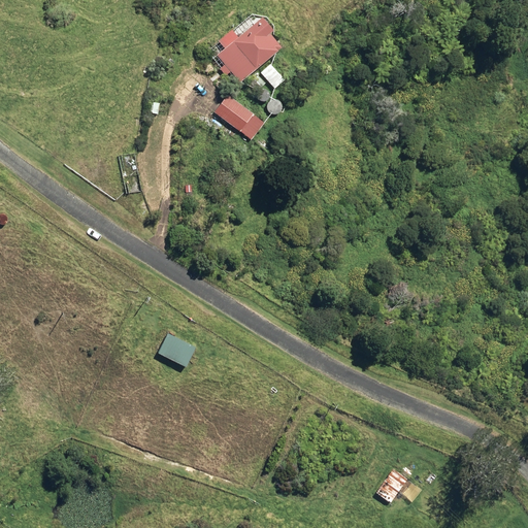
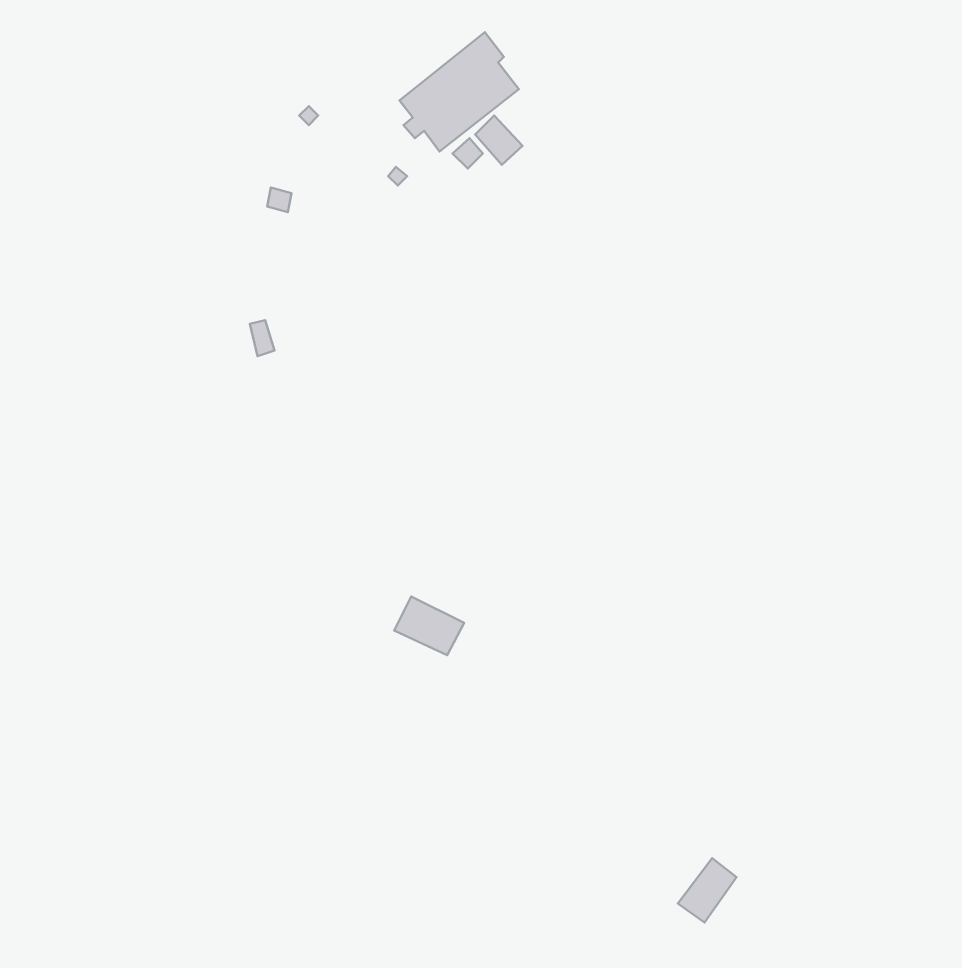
building: [213,95,264,140] -> none
building: [157,332,195,364] -> [394,596,464,655]

